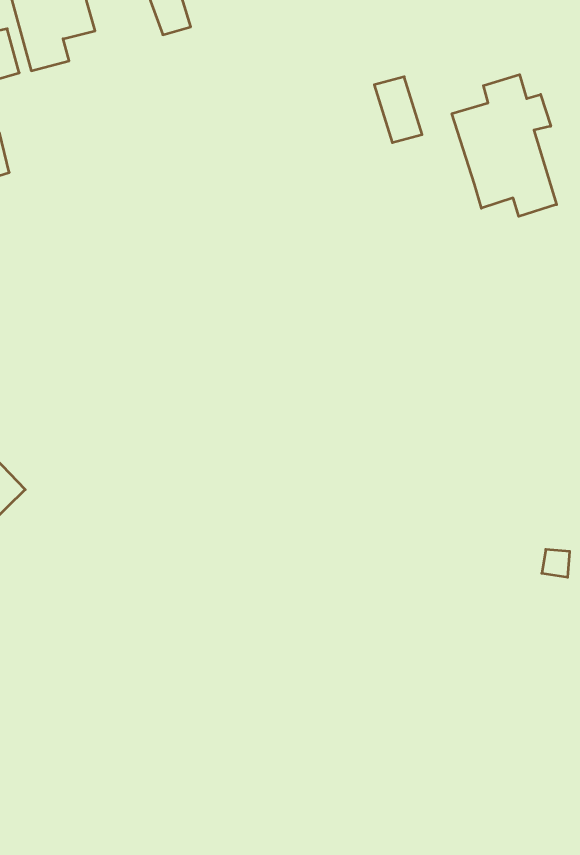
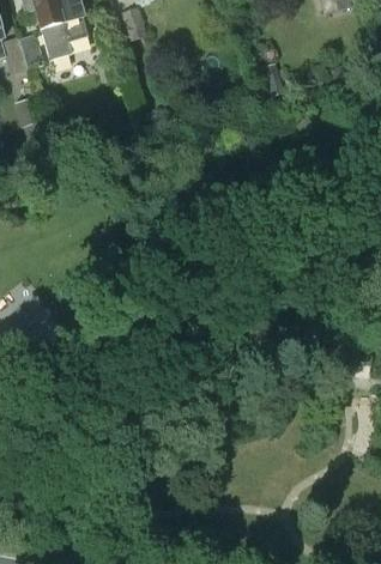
building: [452,75,557,216] -> none

